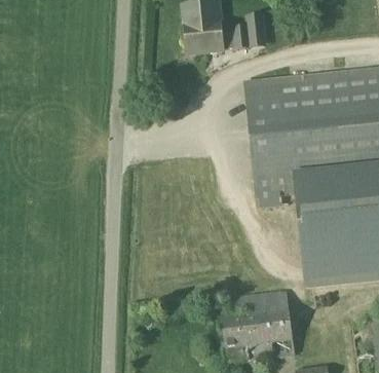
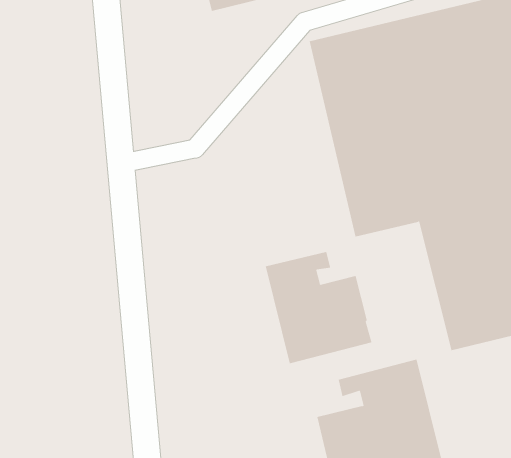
building: none -> [265,251,372,364]

